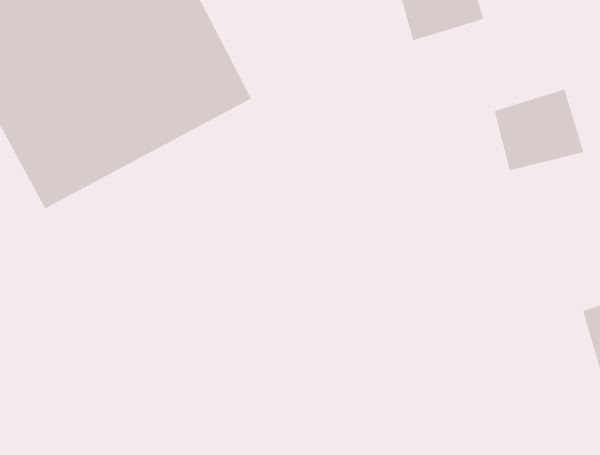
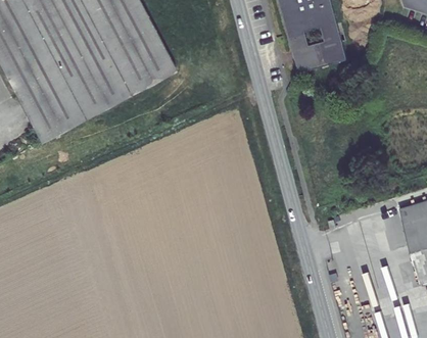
building: [494,89,584,171] -> [285,17,344,71]

